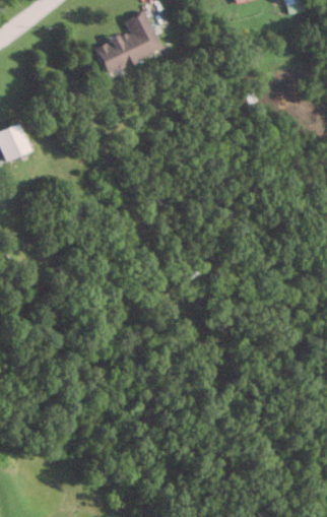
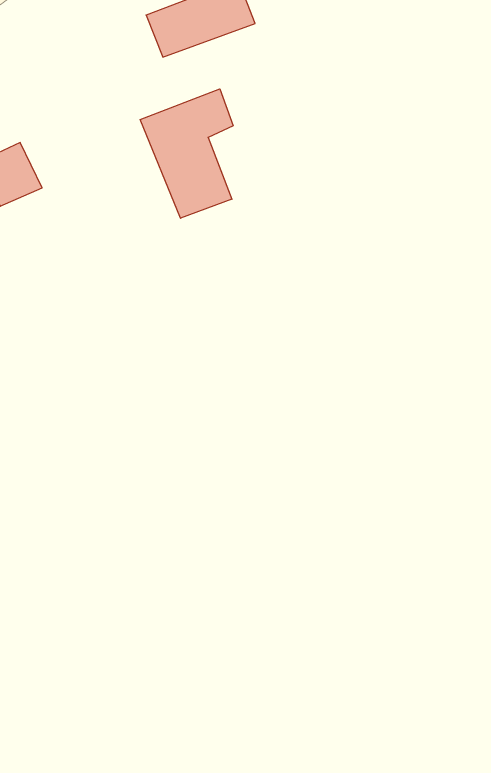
building: none -> [140,89,233,218]

